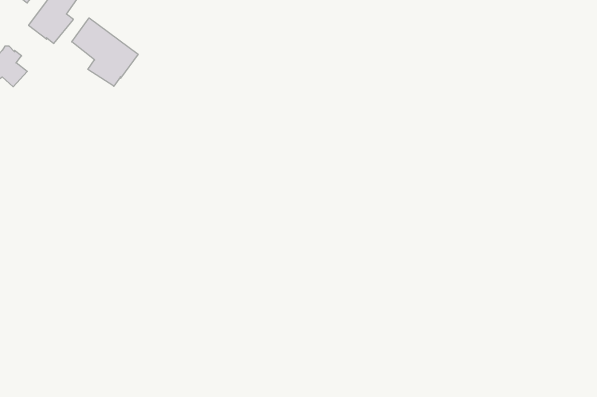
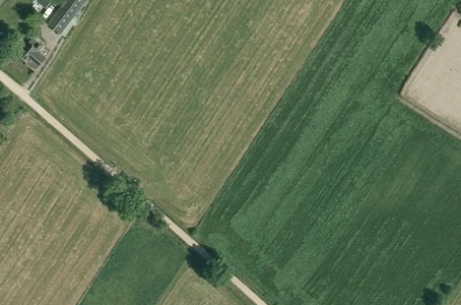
building: [72,18,138,86] -> none

